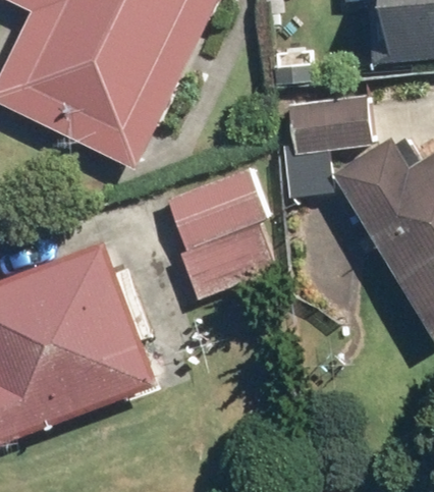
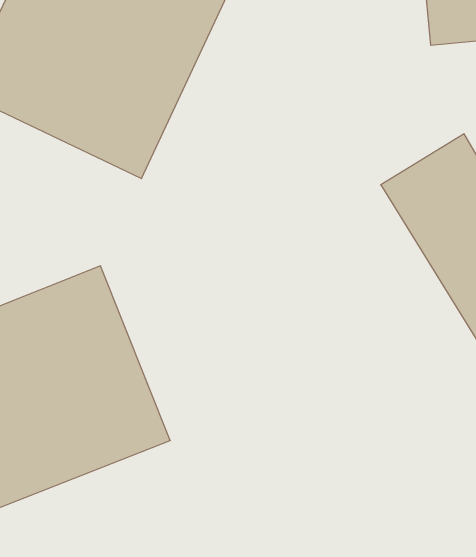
building: [285,92,373,199] -> none
building: [166,165,275,299] -> none

